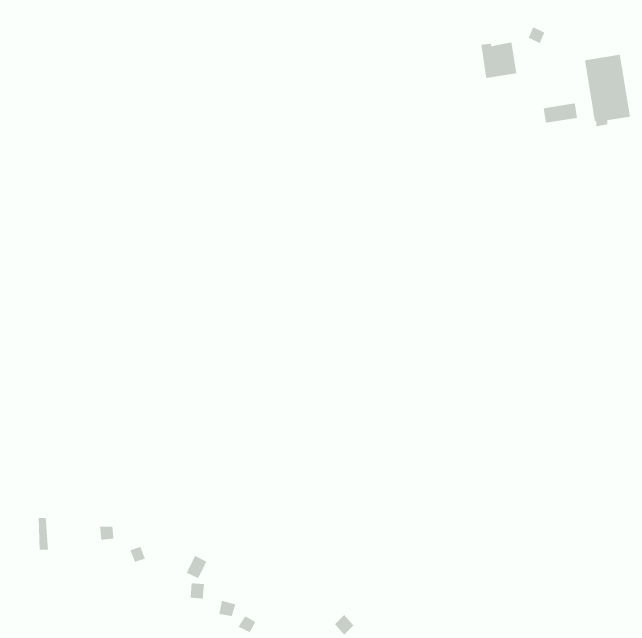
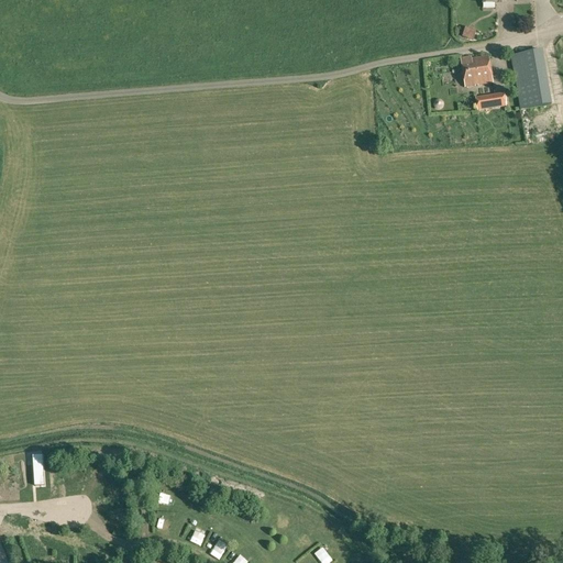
building: [481,42,517,78] -> [461,53,493,85]

